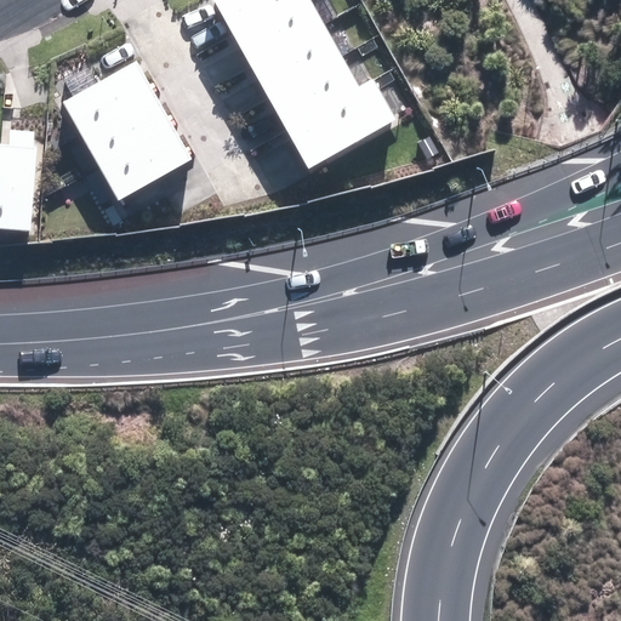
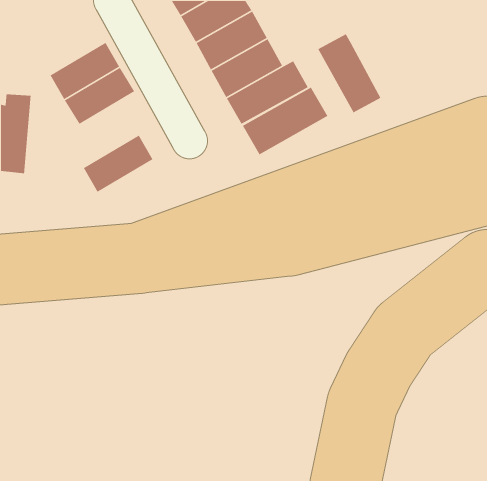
building: none -> [317,33,381,113]
building: none -> [242,86,329,155]
building: [101,124,190,198] -> [83,135,153,193]

